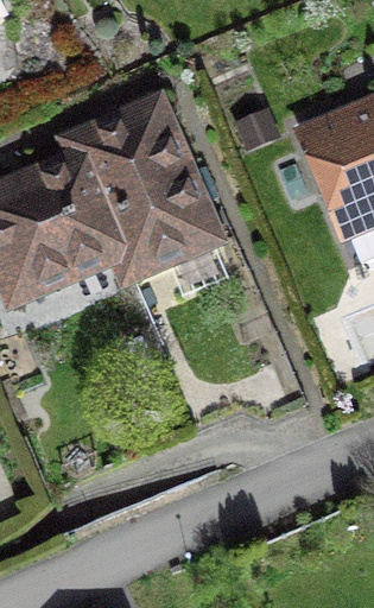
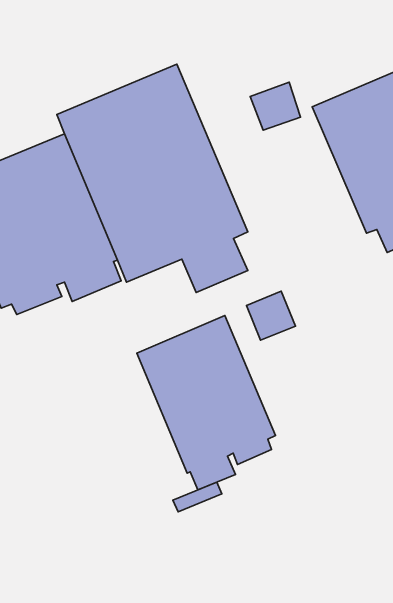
building: none -> [137,315,275,490]

